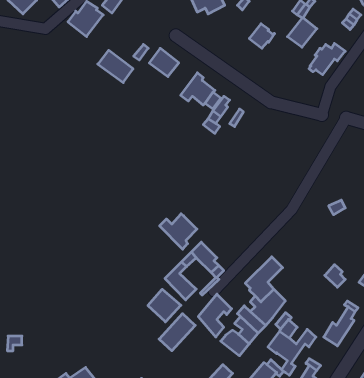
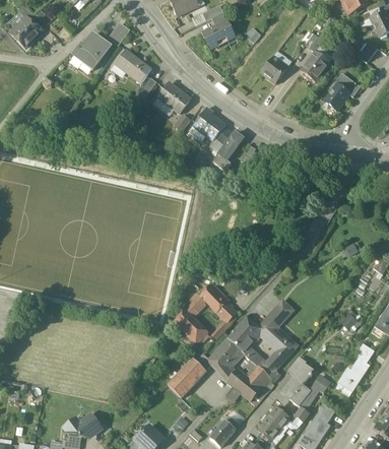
building: [98,50,133,83] -> [115,49,151,82]
building: [160,214,197,249] -> none
building: none -> [228,316,262,351]
building: [148,289,181,322] -> none

